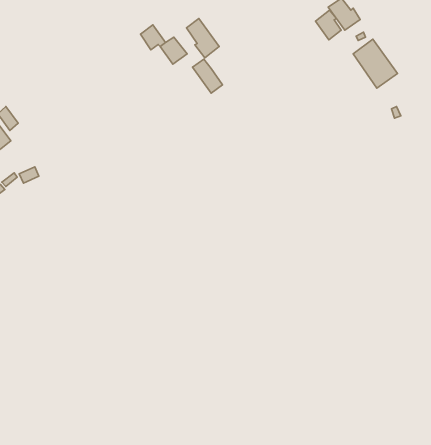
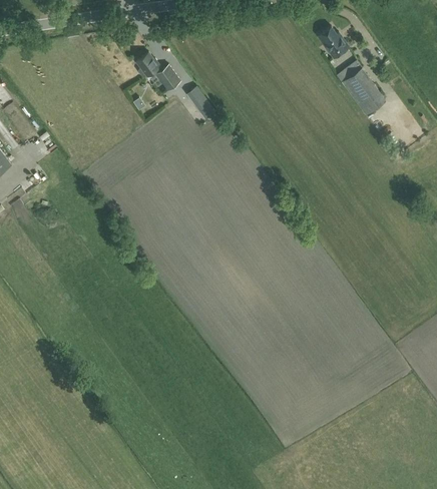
building: [315,10,341,40] -> none
building: [186,18,219,58] -> none

